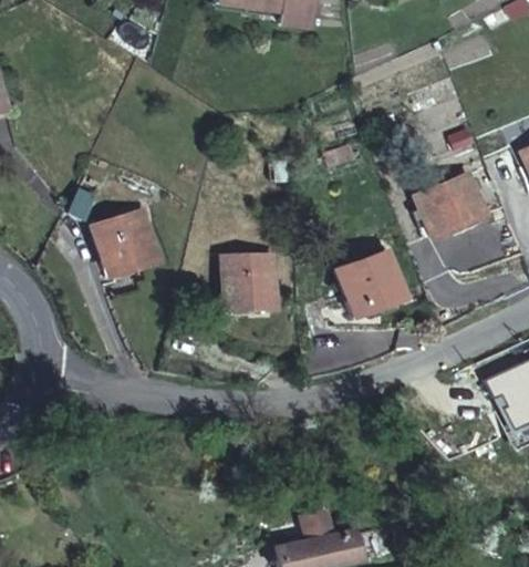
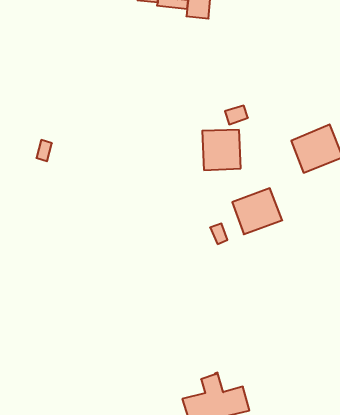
building: [95,210,162,274] -> none
building: [226,257,278,311] -> [202,130,241,170]

